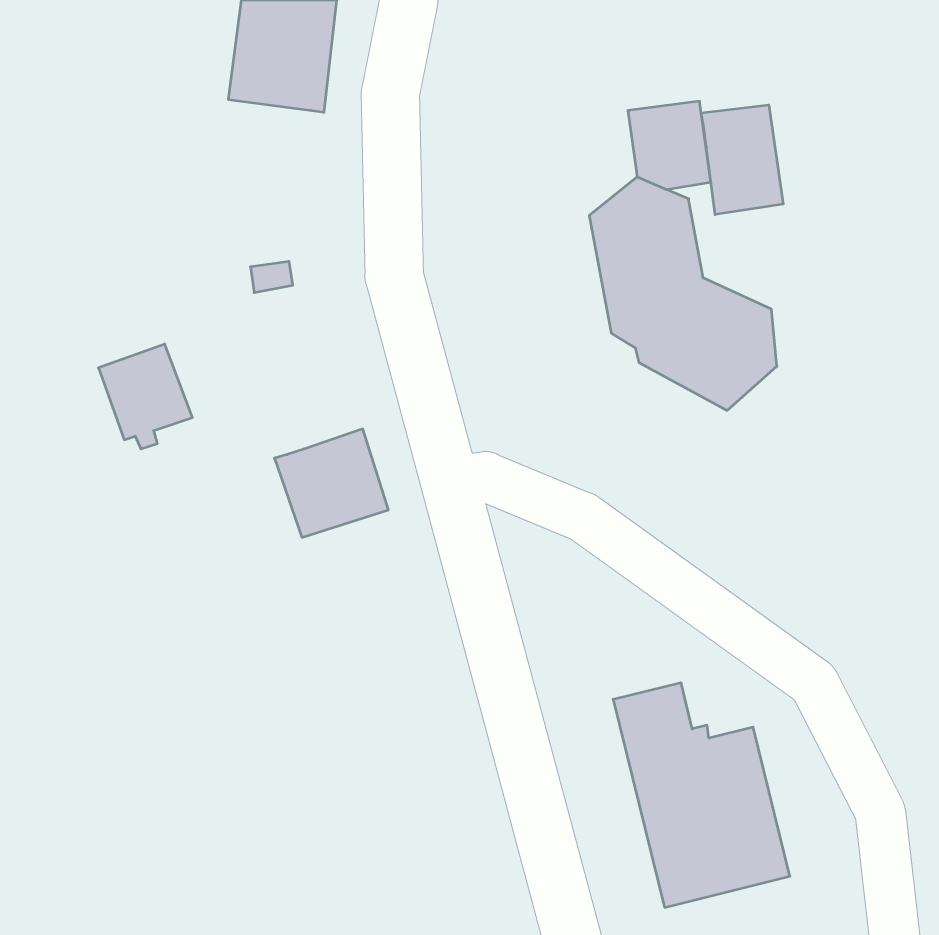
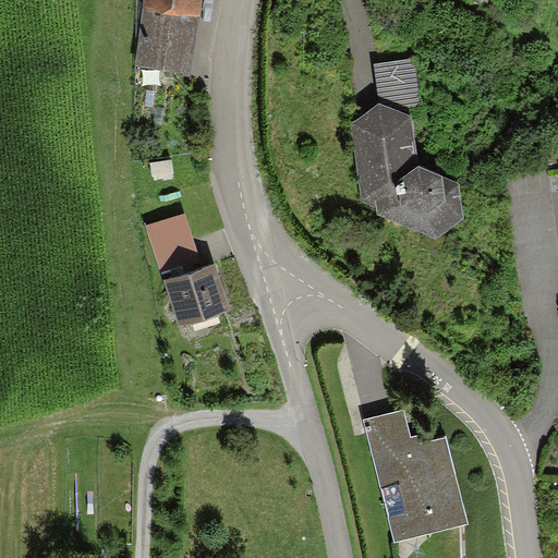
building: [701,105,783,215] -> none
building: [98,344,192,449] -> [145,210,201,272]

